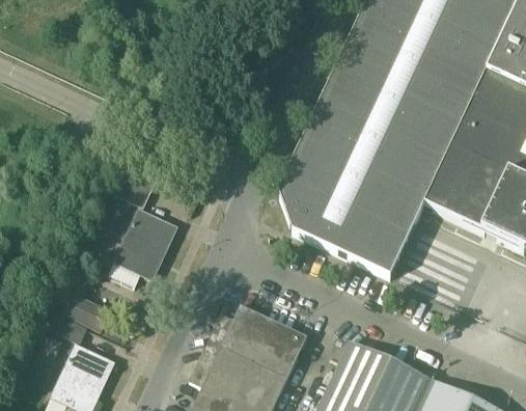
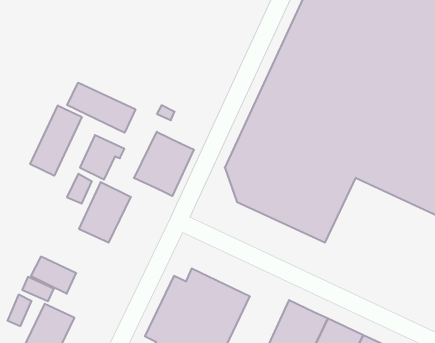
building: none -> [67,83,135,133]
building: none -> [30,105,82,176]
building: none -> [134,132,194,196]

